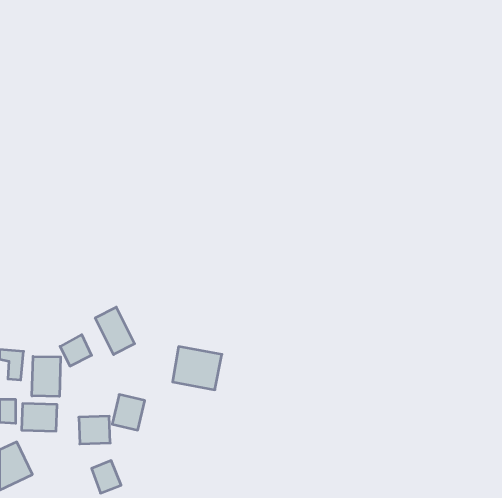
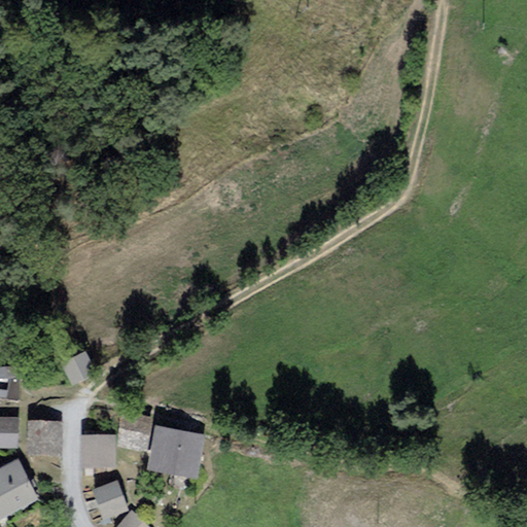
building: [95,307,135,355] -> none
building: [173,347,222,390] -> [150,427,202,472]
building: [32,356,61,396] -> none

